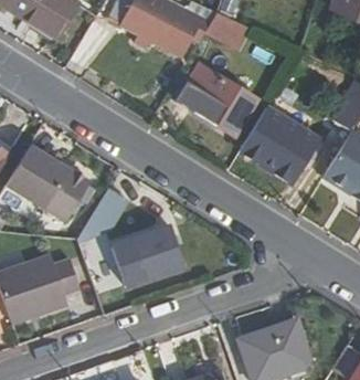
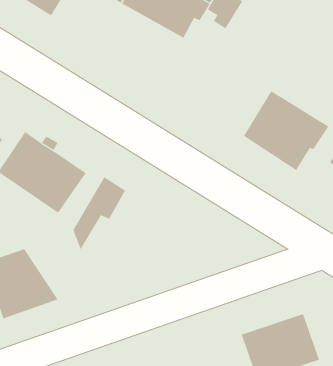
building: [177,63,260,136] -> none
building: [113,228,184,284] -> none
building: [39,254,82,305] -> none

